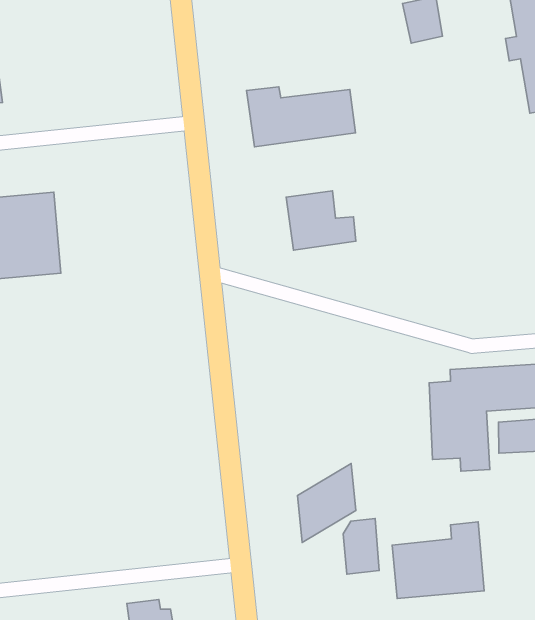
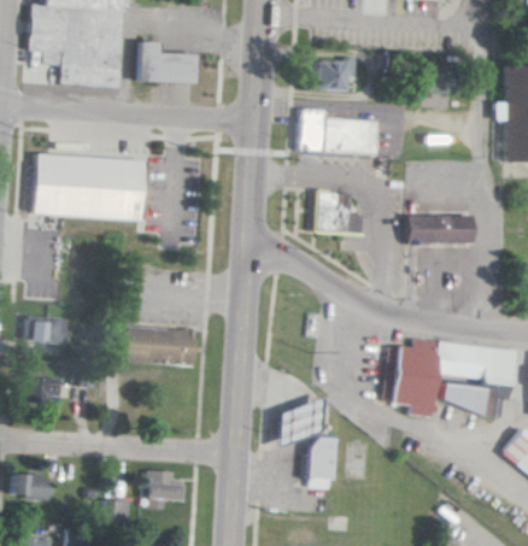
building: none -> [317,59,356,90]
building: none -> [136,41,195,82]
building: none -> [407,215,474,243]
building: none -> [125,327,195,365]
building: [392,522,484,599] -> none

